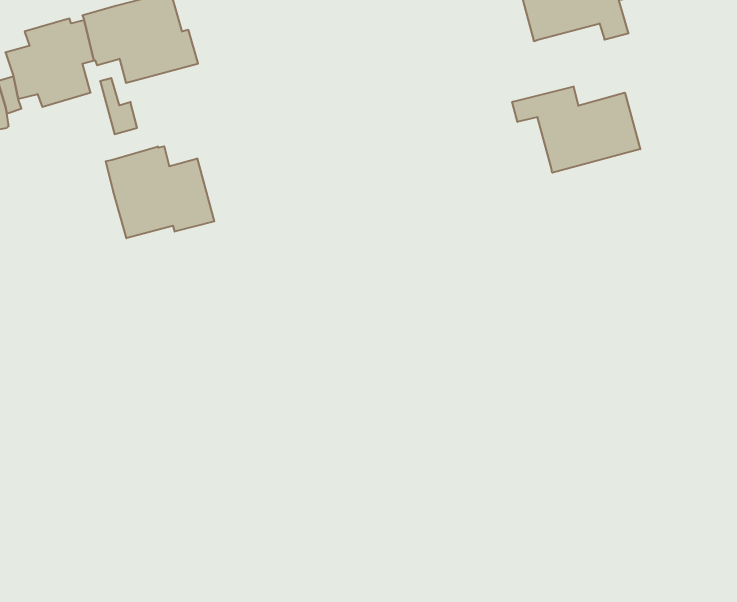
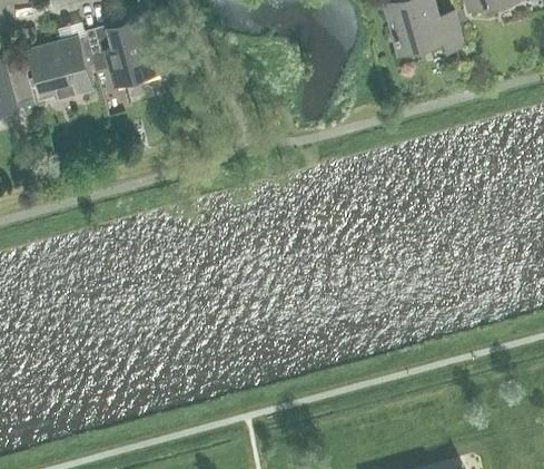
building: [512,86,640,173] -> none
building: [106,146,214,238] -> none

